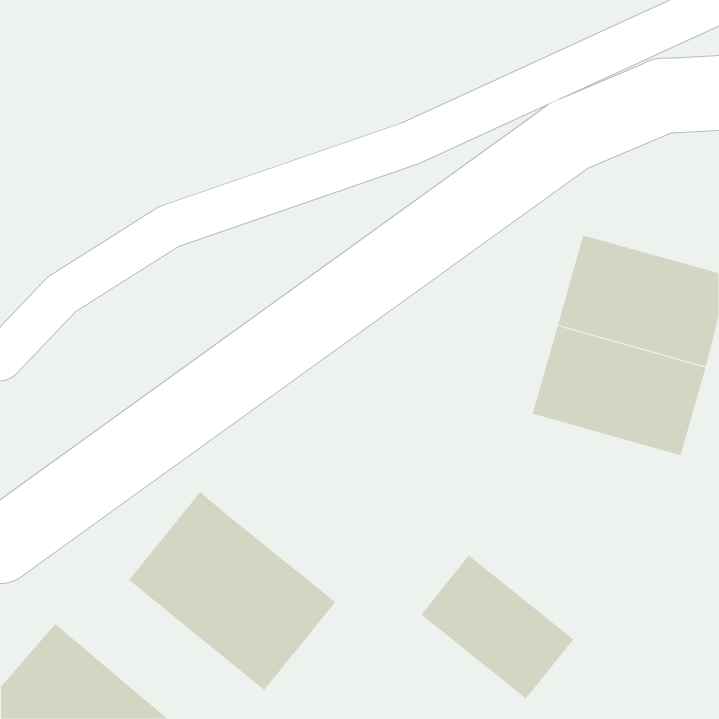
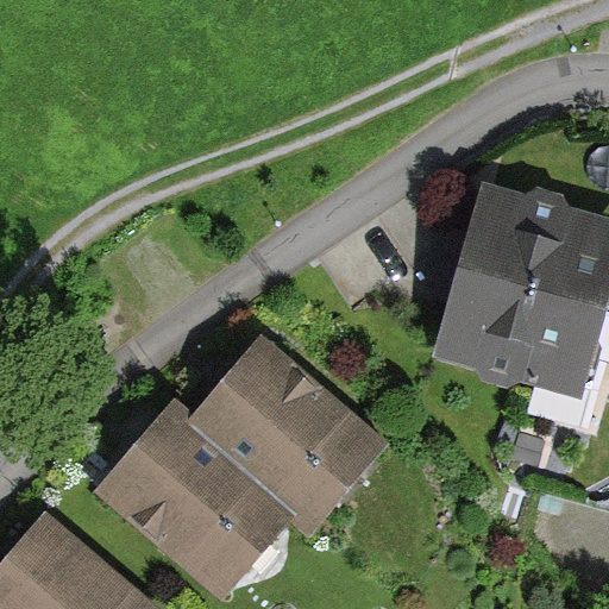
building: none -> [193,351,375,526]
building: [421,554,574,699] -> none

